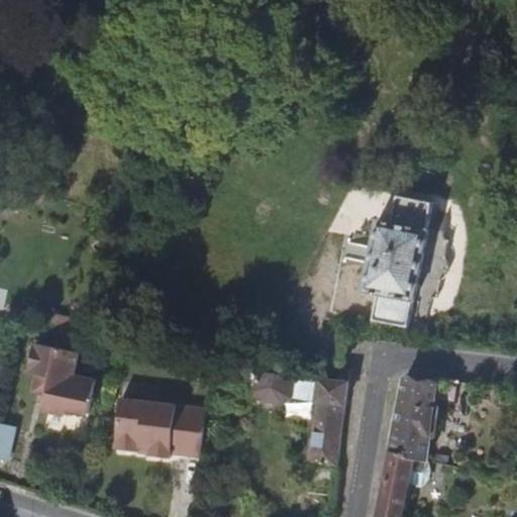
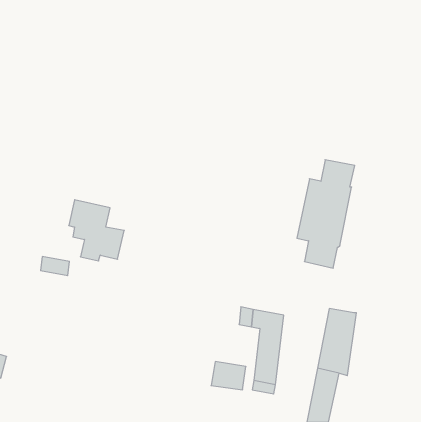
building: [27,340,95,415] -> [69,200,124,261]
building: [249,373,292,407] -> [211,362,246,390]
building: [115,396,206,458] -> none

